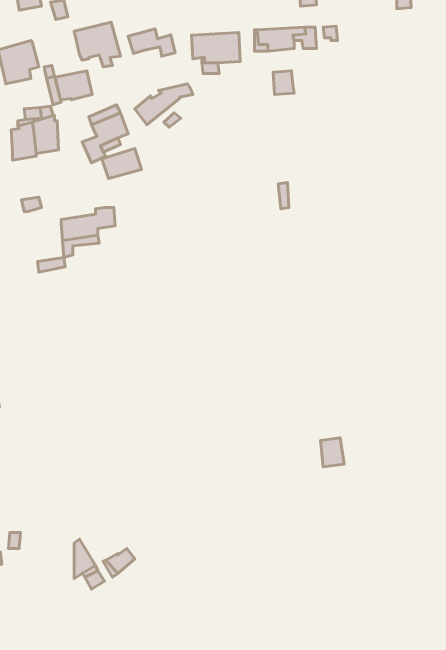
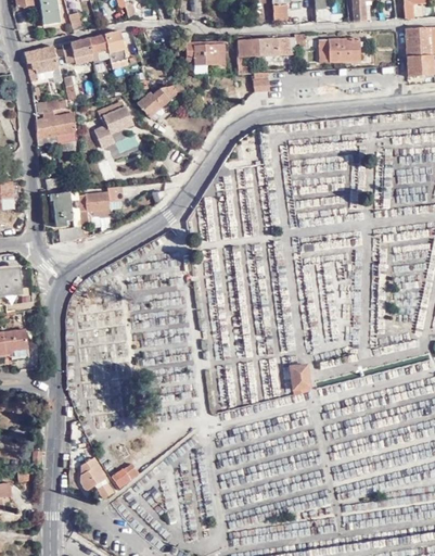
building: [128,29,175,56] -> none
building: none -> [316,39,359,63]
building: [55,71,92,100] -> [63,39,93,63]
building: none -> [49,189,78,226]

